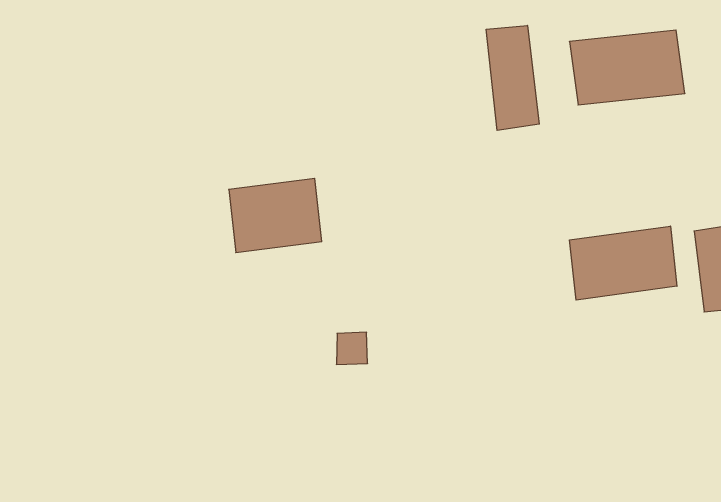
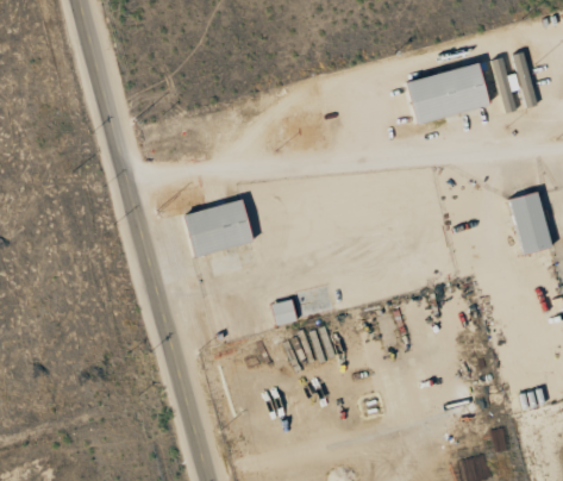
building: [486,25,539,130] -> none
building: [570,226,677,300] -> none

